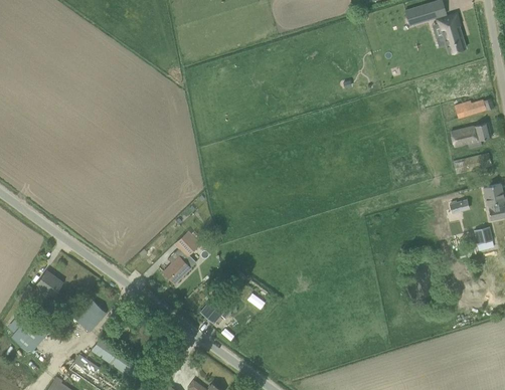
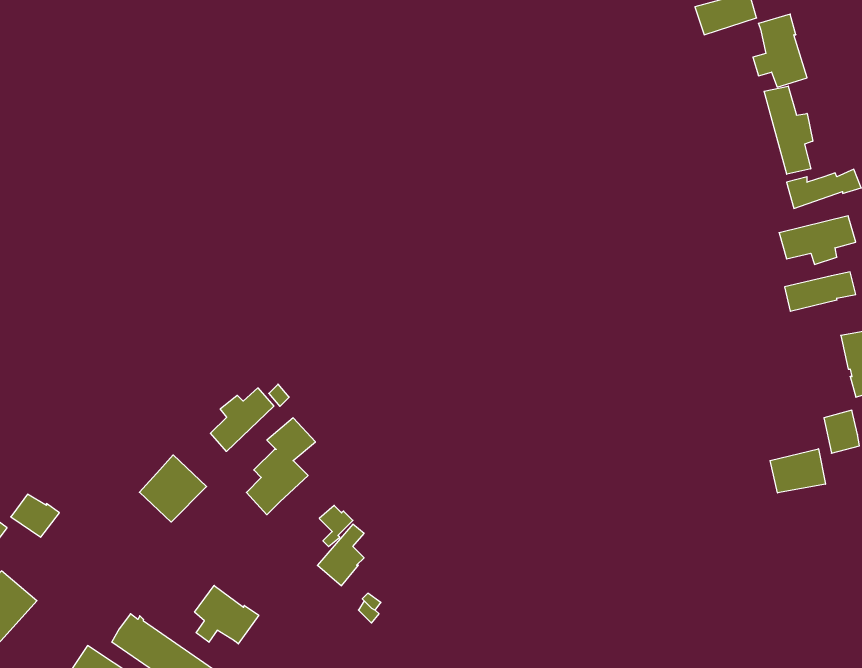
building: none -> [764,86,813,174]
building: none -> [210,388,274,451]
building: none -> [770,449,825,493]
building: [71,296,108,332] -> [139,455,207,522]
building: none -> [195,585,259,644]

